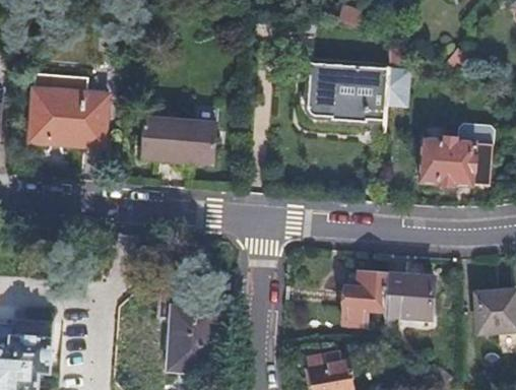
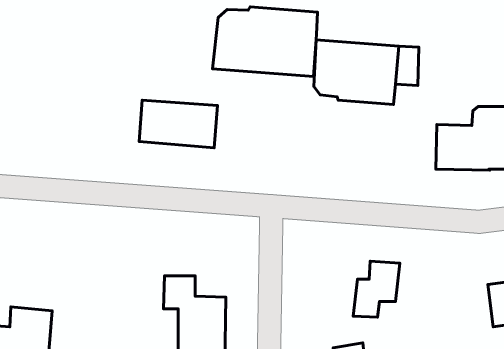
building: none -> [212,7,317,77]
building: [25,73,105,146] -> none
building: [384,271,436,315] -> none

